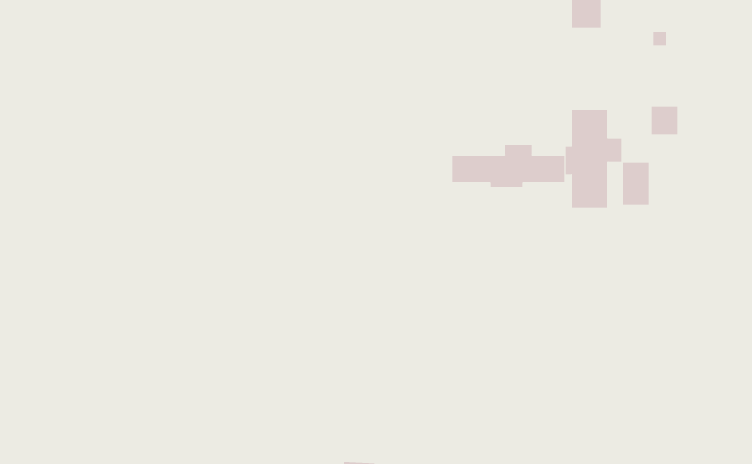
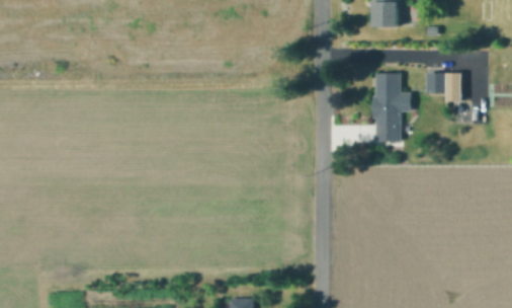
building: [452,144,565,188] -> none
building: [622,162,649,205] -> [444,74,461,101]

